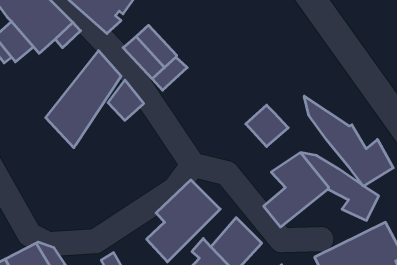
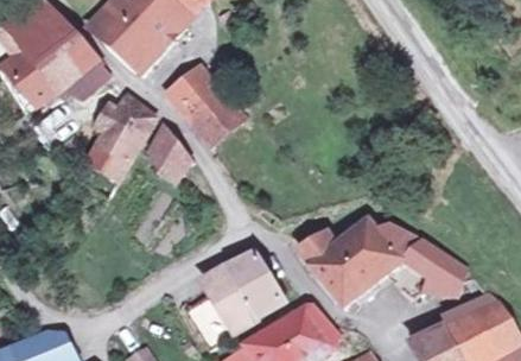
building: [304,96,393,186] -> none
building: [246,105,288,147] -> [311,232,364,284]

